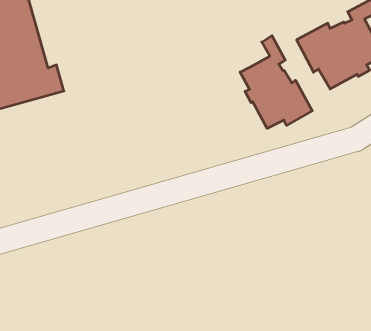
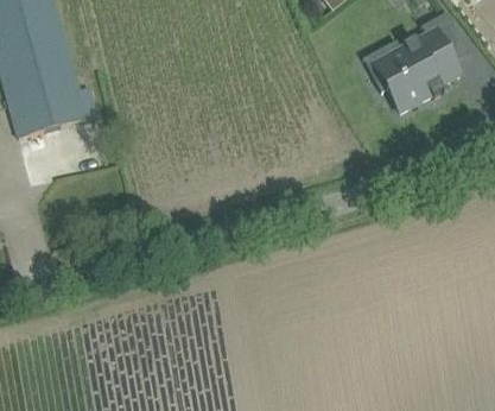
building: [240,36,312,128] -> none

